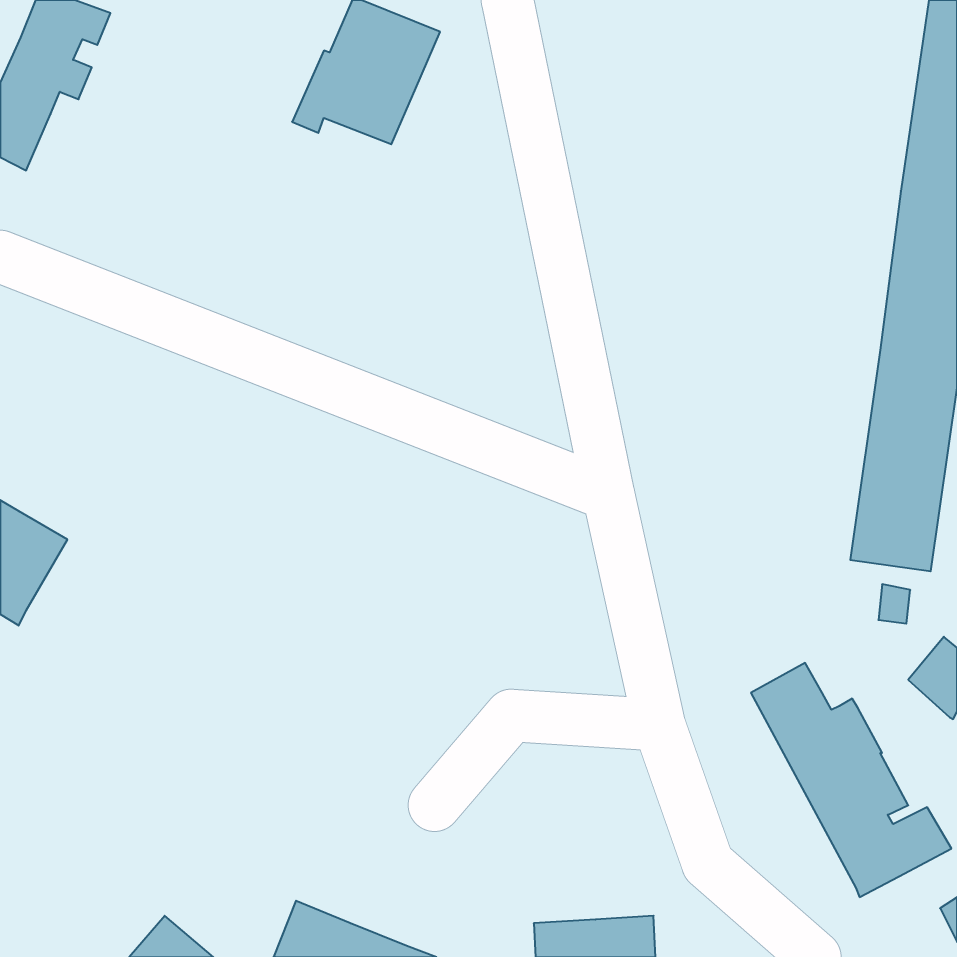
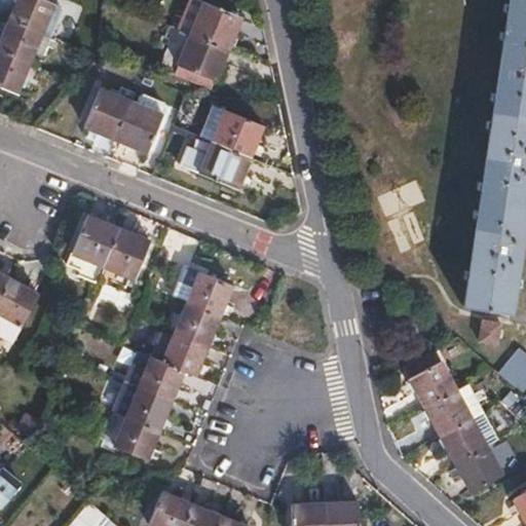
building: none -> [86,90,162,153]
building: none -> [180,107,261,187]
building: none -> [69,218,149,289]
building: none -> [101,270,232,460]

